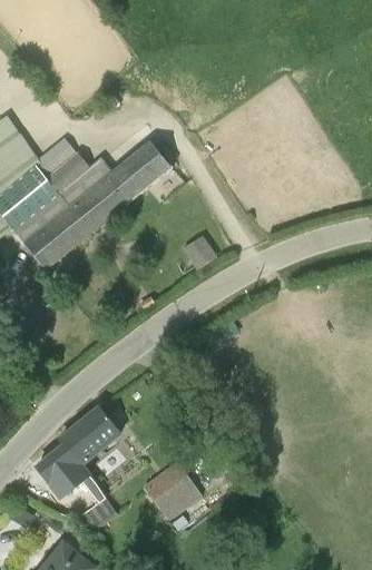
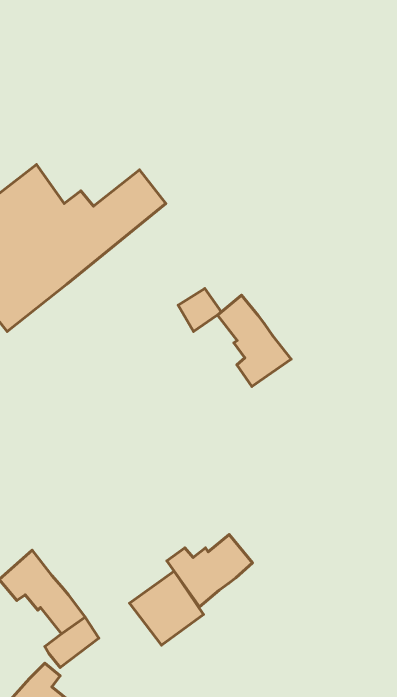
building: none -> [218,295,291,387]
building: [58,407,119,464] -> none
building: none -> [167,534,252,607]

